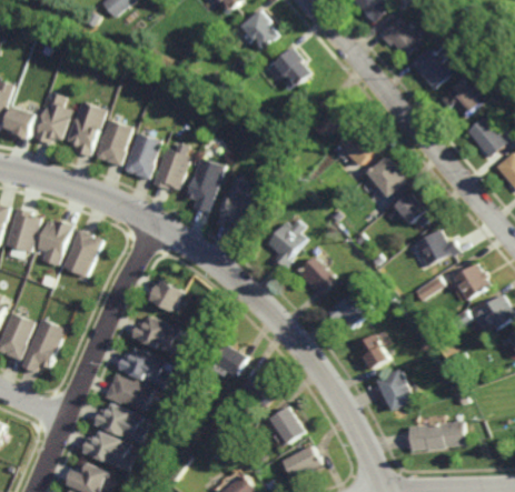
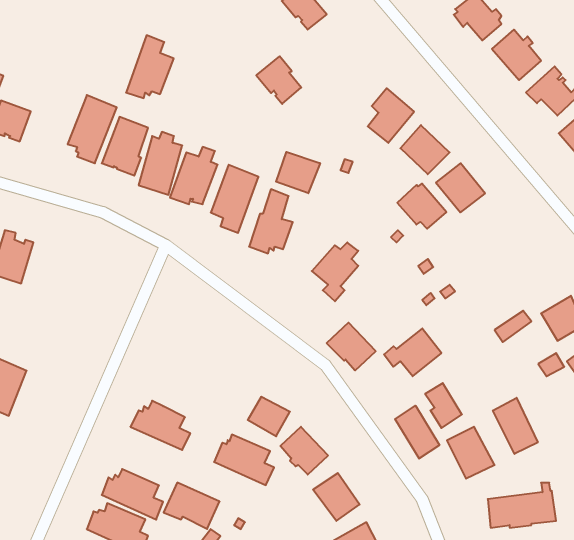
building: [271,46,308,84] -> [256,56,301,104]
building: [33,91,72,142] -> [126,35,174,98]
building: none -> [276,152,320,193]
building: [394,190,434,227] -> [397,184,446,229]
building: [36,220,70,268] -> none
building: [62,229,101,277] -> none
building: [413,230,459,265] -> none
building: [295,257,335,295] -> [327,323,376,370]
building: [146,279,181,312] -> none
building: [130,317,179,358] -> [214,435,274,485]
building: [20,319,65,372] -> none
building: none -> [493,398,538,454]
building: none -> [395,406,439,459]
building: [105,374,150,412] -> [164,483,220,529]

